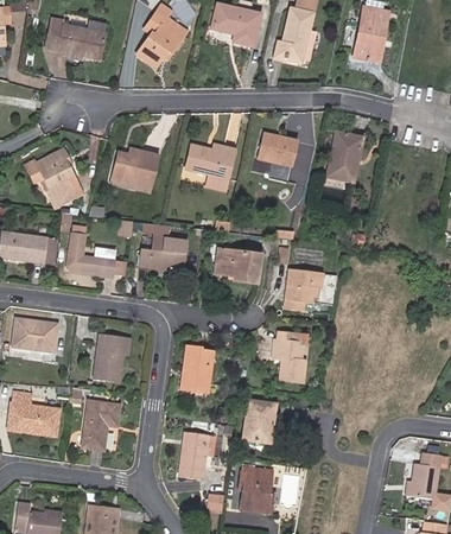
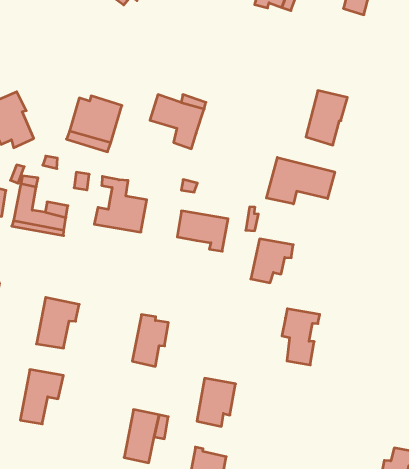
building: [259,133,297,166] -> none
building: none -> [266,157,335,204]
building: [275,332,309,382] -> [282,309,320,365]

